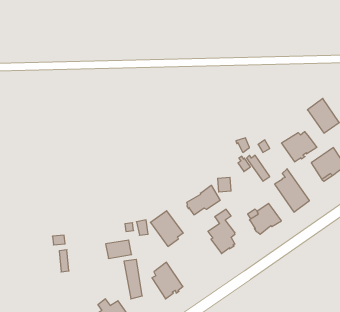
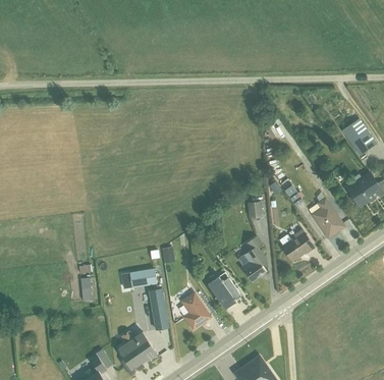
building: [282,132,317,162] -> none
building: [187,185,220,215] -> none
building: [150,211,183,246] -> [207,272,241,310]

